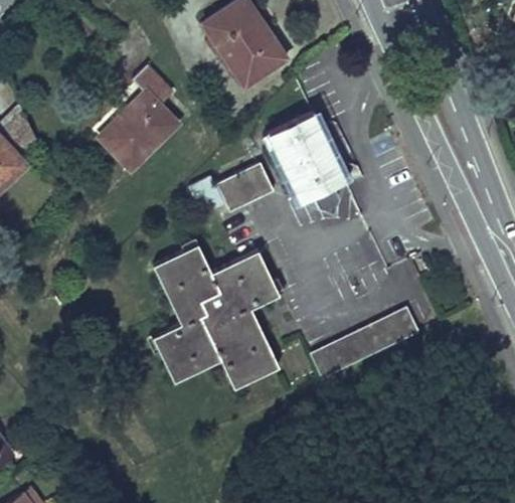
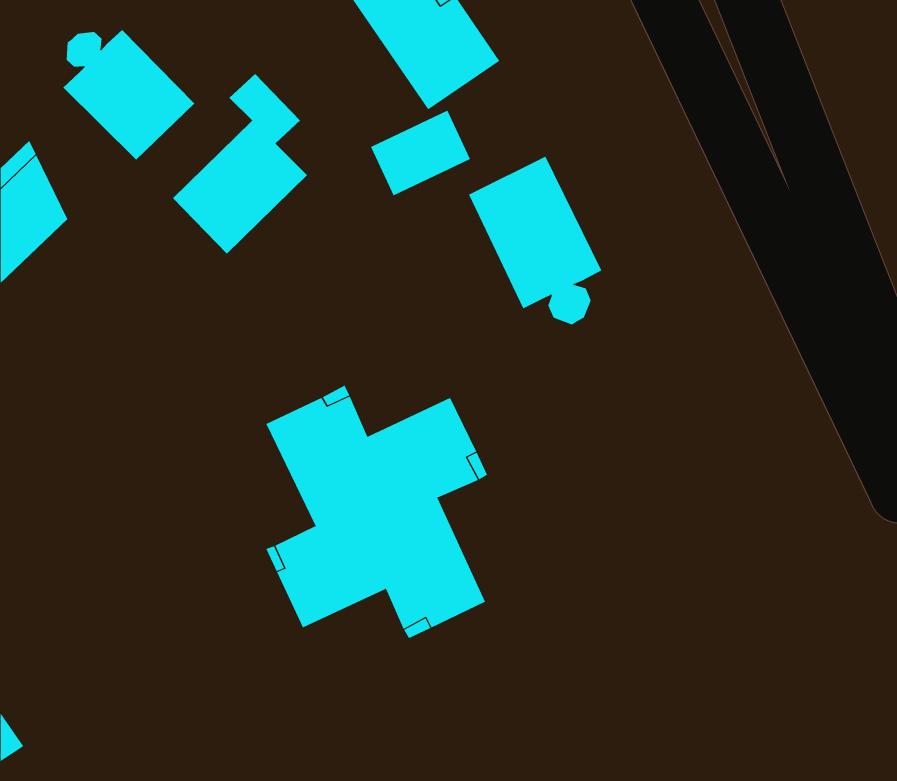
building: none -> [63,29,195,160]
building: [216,163,274,212] -> [370,110,471,196]
building: [310,308,418,379] -> none

